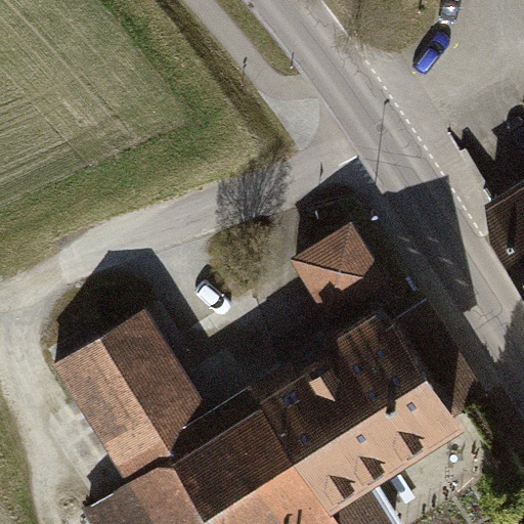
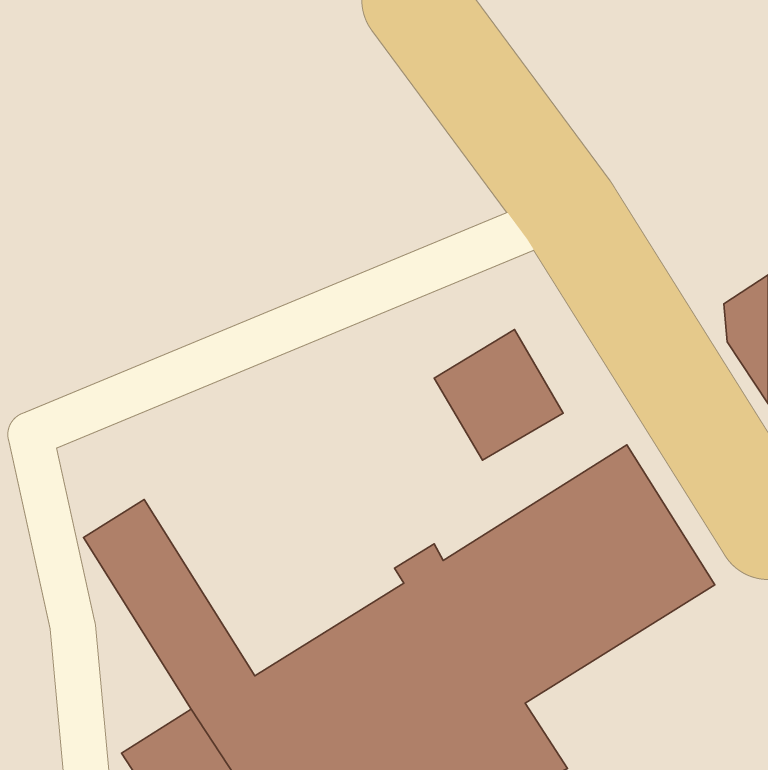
building: [97,311,272,460] -> none

